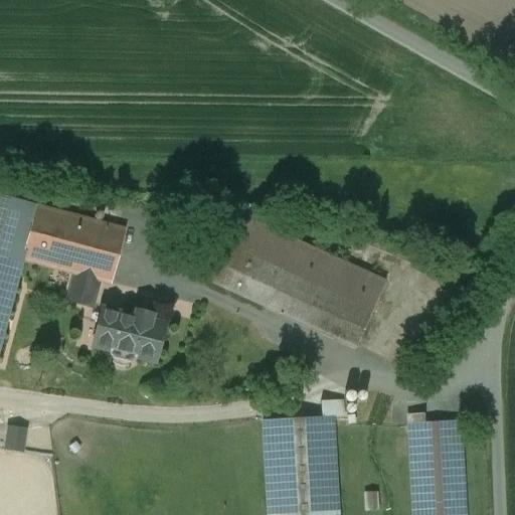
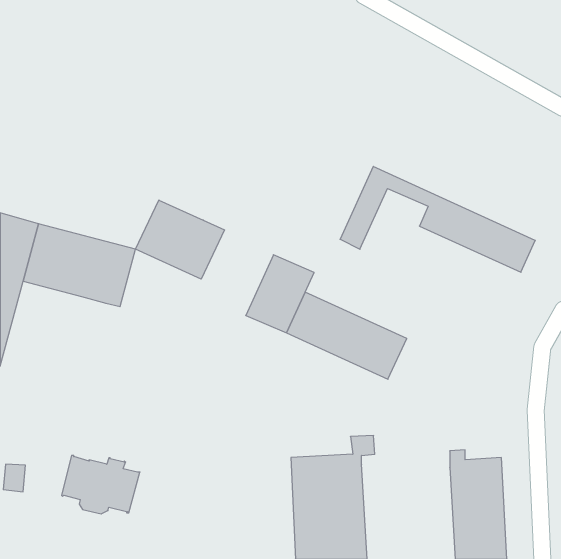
building: none -> [136,200,224,279]
building: [208,212,386,309] -> [340,166,535,272]
building: [69,271,99,304] -> none
building: [94,307,165,360] -> [62,455,140,514]

